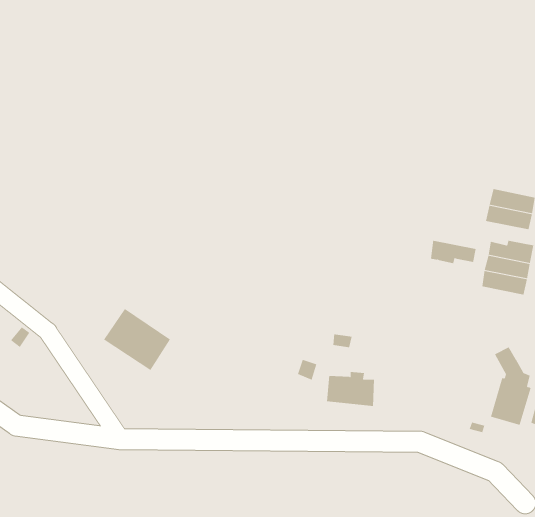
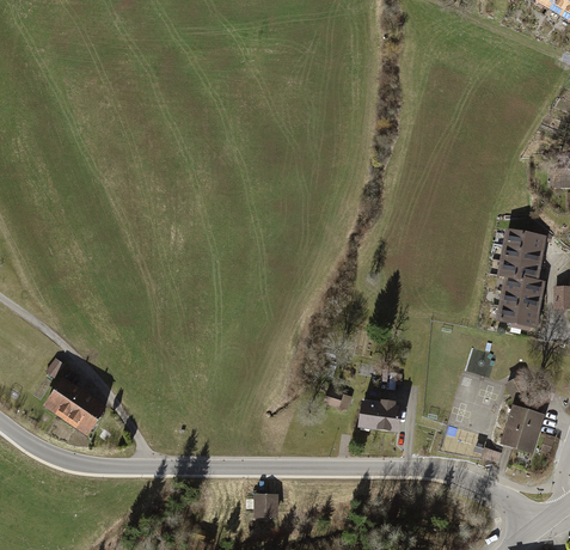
building: [430,240,476,264] -> [497,257,541,280]
building: [103,308,171,371] -> [43,375,108,435]
building: none -> [255,493,280,517]

